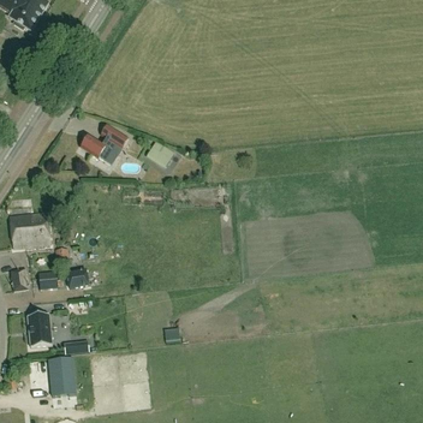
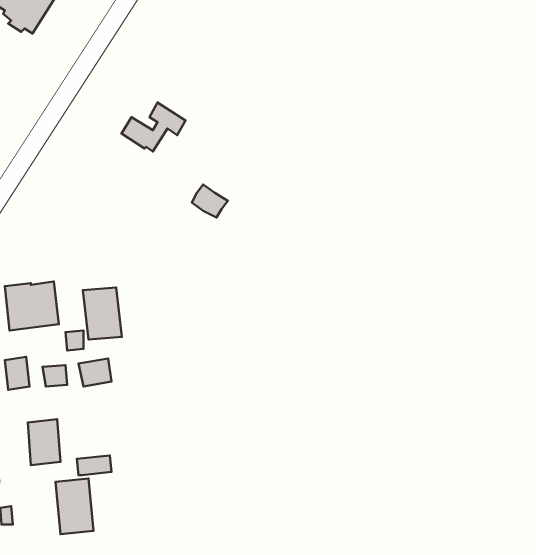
building: [82,124,129,160] -> [121,102,185,152]
building: none -> [83,287,122,339]

